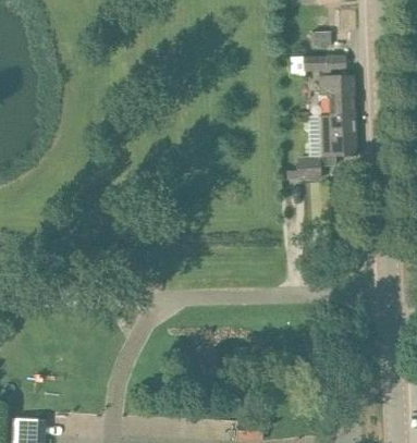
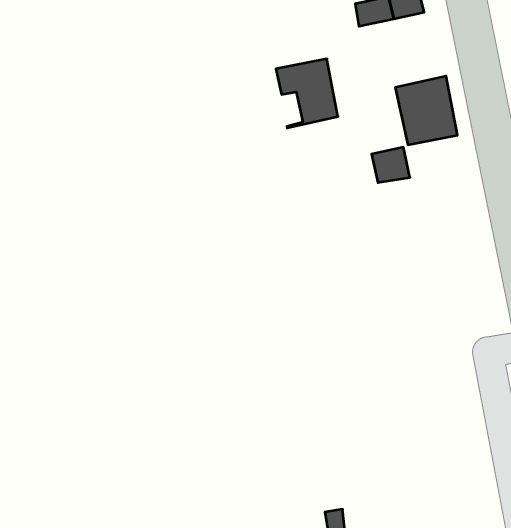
building: [319,75,355,116] -> [276,59,338,128]

